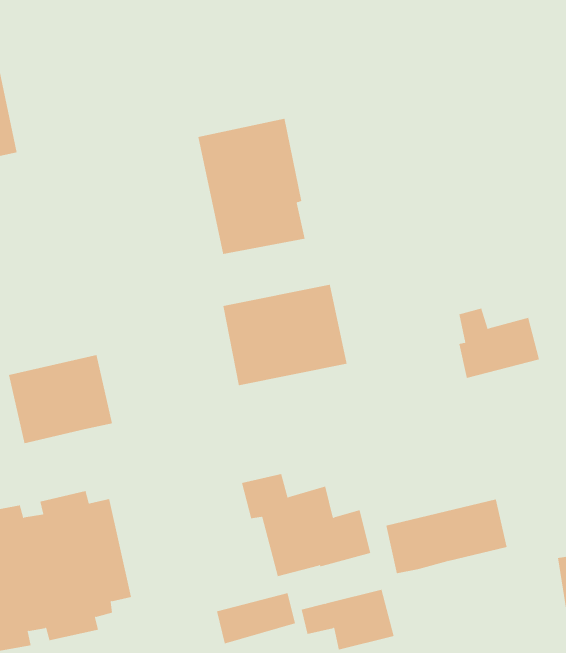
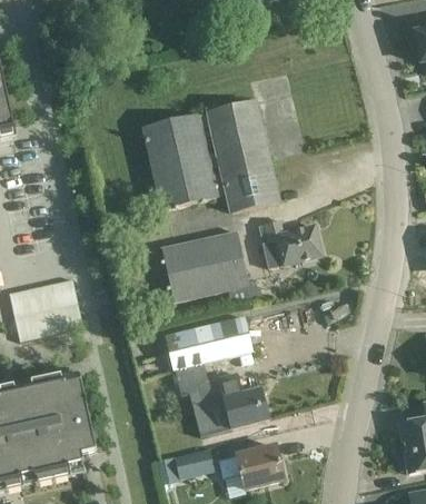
building: none -> [208,98,280,211]
building: [458,308,540,378] -> [262,219,320,269]
building: [385,499,507,574] -> [166,317,252,370]

